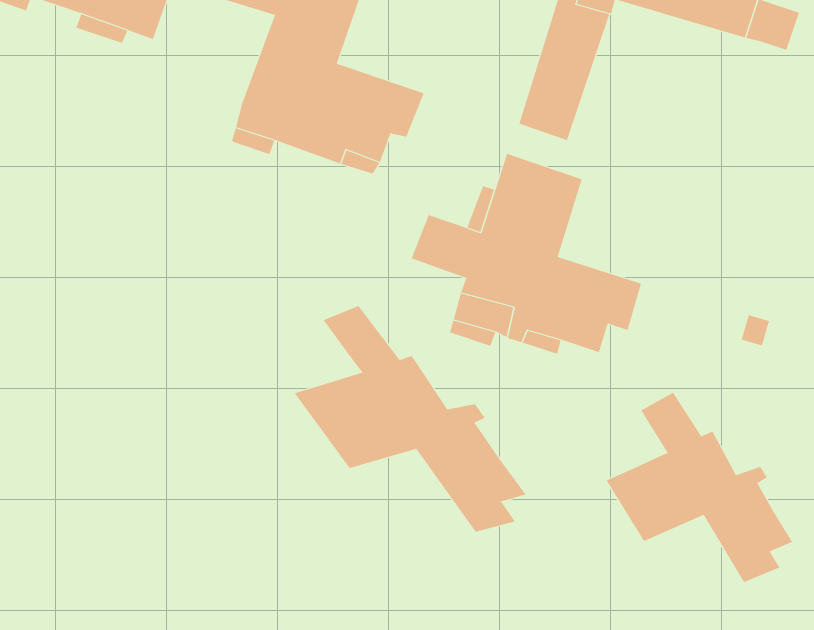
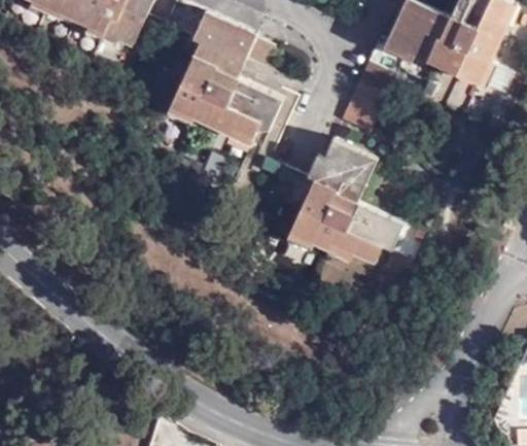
building: [294,305,526,532] -> none
building: [606,392,793,583] -> none

